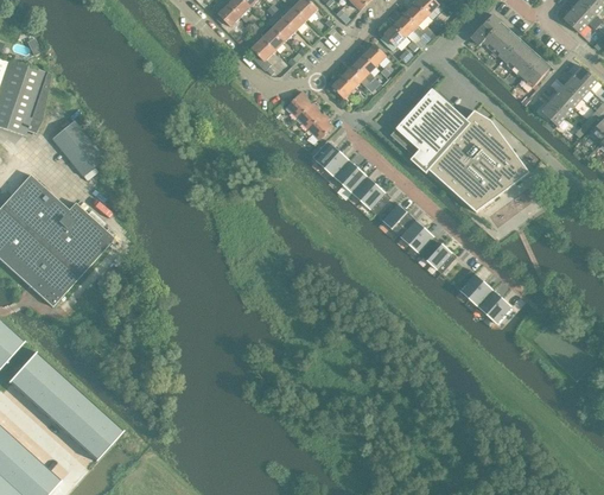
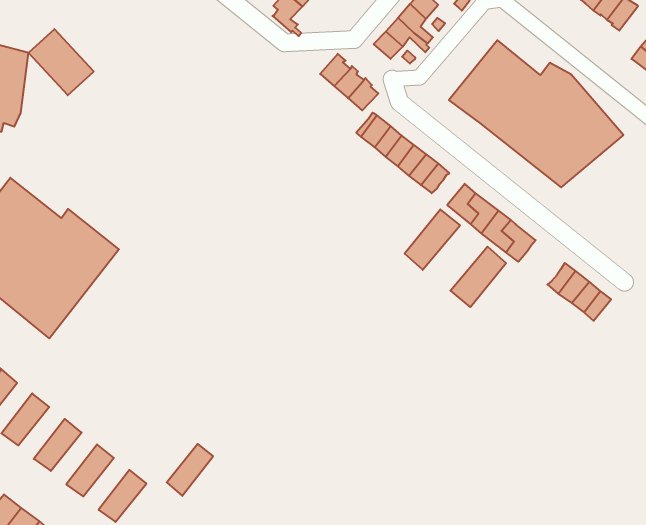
building: [51,120,103,174] -> [28,29,94,95]
building: none -> [405,209,460,270]
building: none -> [450,247,506,307]
building: [20,362,59,404] -> none
building: [45,385,84,426] -> none
building: [70,407,109,449] -> [167,444,213,496]

